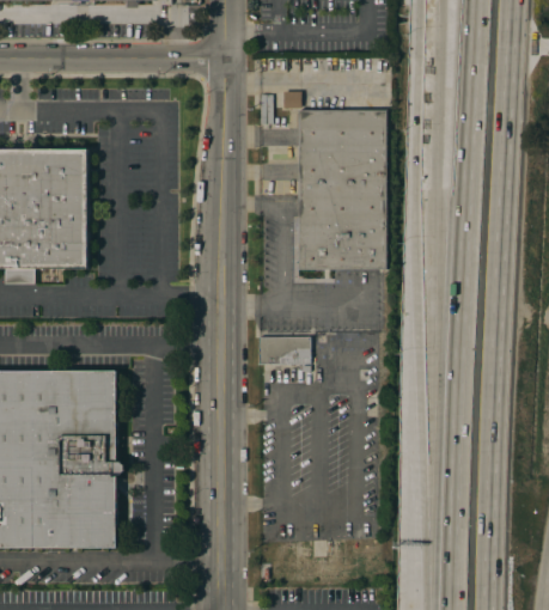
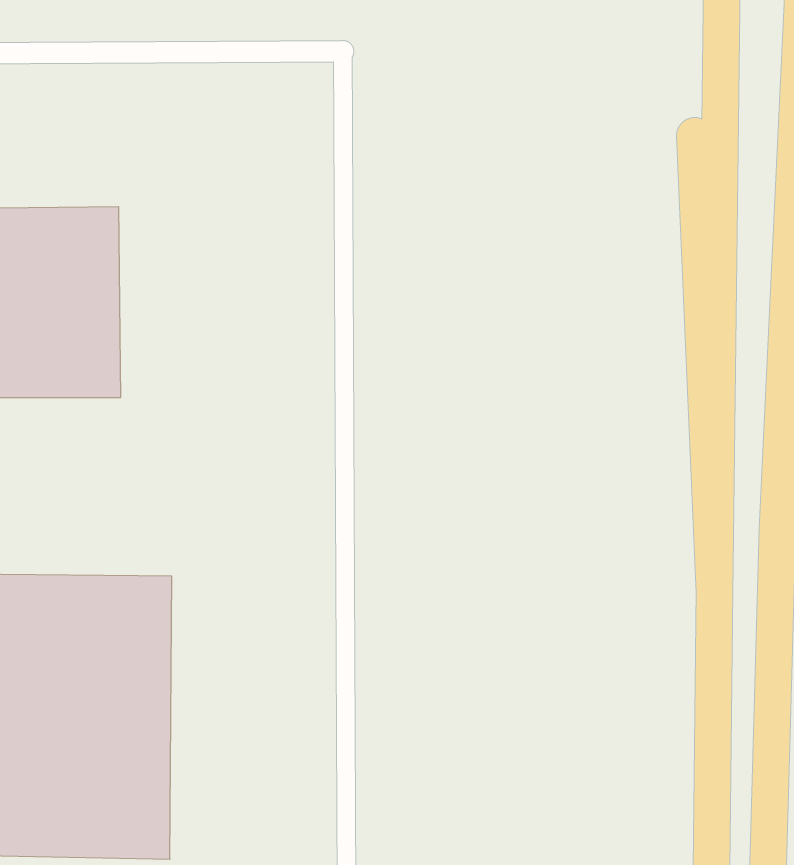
building: [295,109,384,268] -> none
building: [255,336,307,362] -> none

